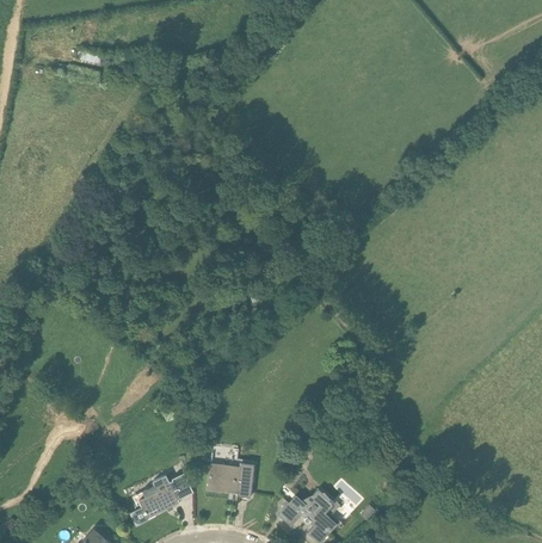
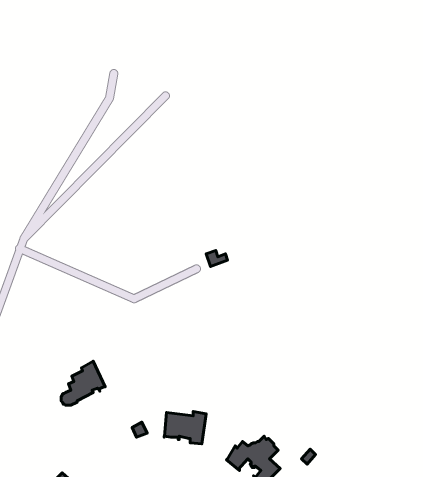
building: [130,475,179,524] -> [61,361,105,405]

